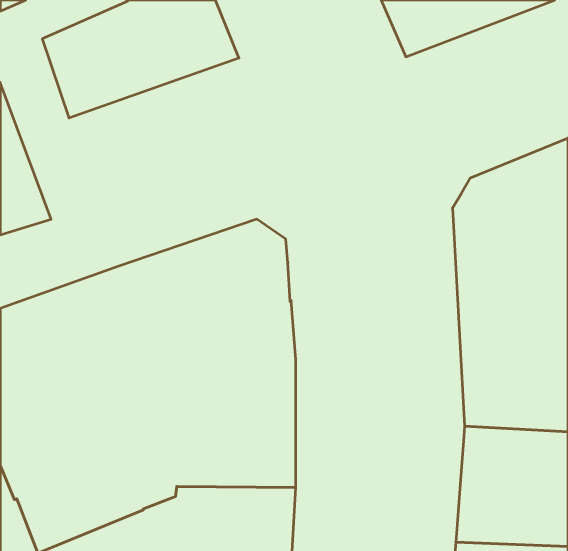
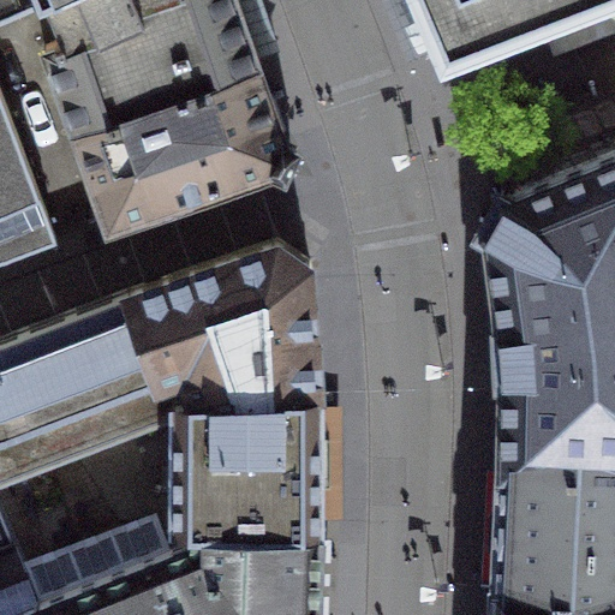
building: none -> [74,82,283,238]

